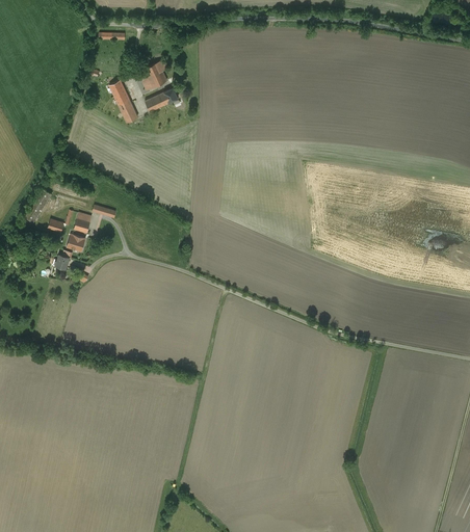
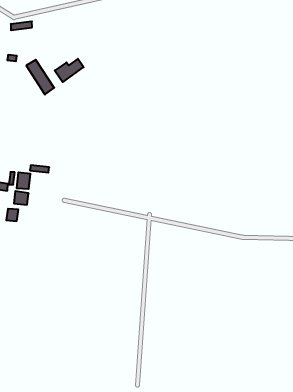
building: [140,58,168,90] -> none

